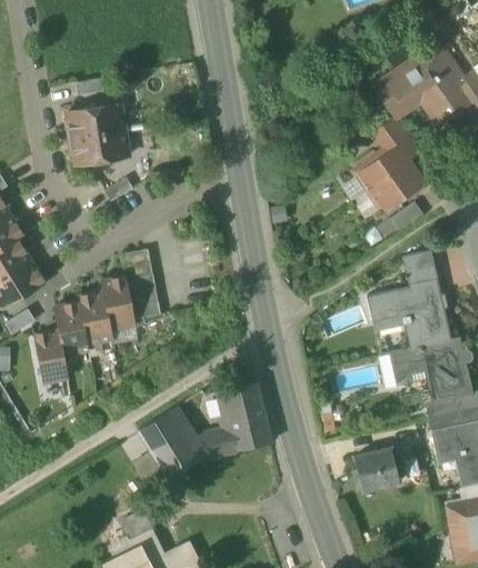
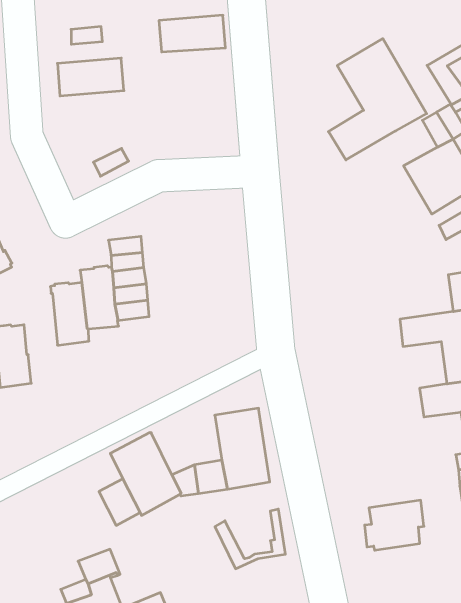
building: none -> [328,39,427,160]
building: [71,130,128,165] -> [159,15,225,52]
building: [53,301,89,355] -> none
building: [170,391,230,444] -> [215,509,285,569]

